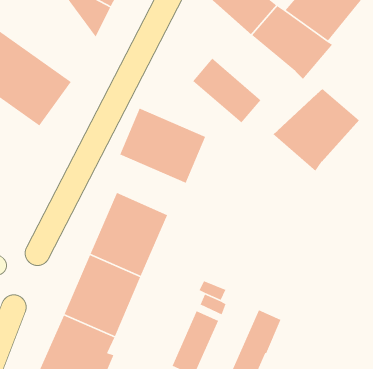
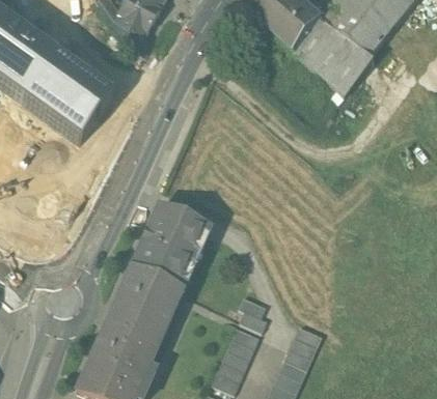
building: [192,58,261,124] -> none
building: [272,88,360,172] -> none
building: [119,108,206,184] -> none

